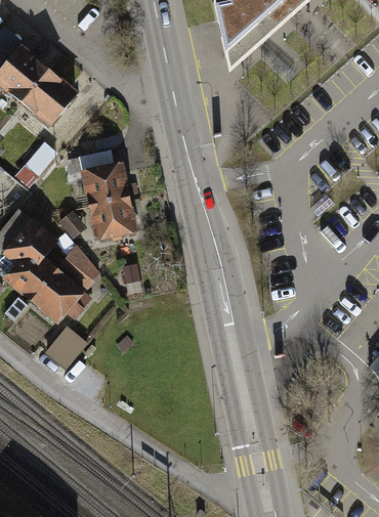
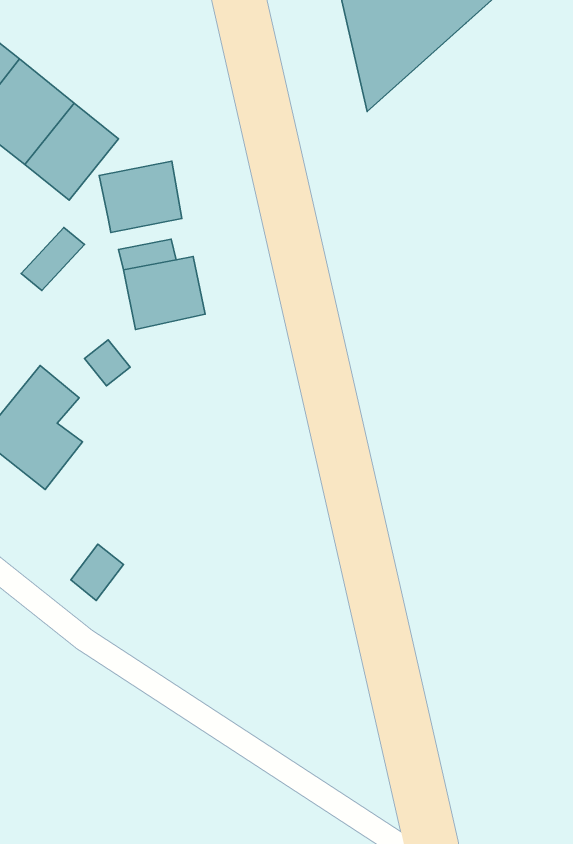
building: none -> [99,161,182,232]
building: [89,193,139,238] -> none
building: [35,248,96,320] -> none

